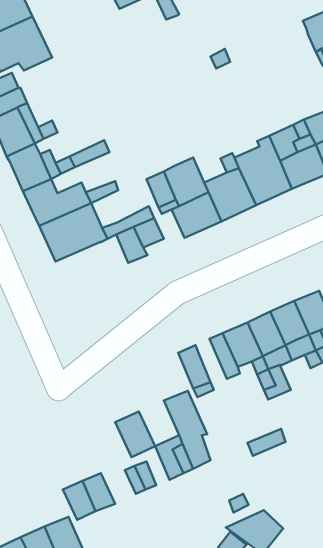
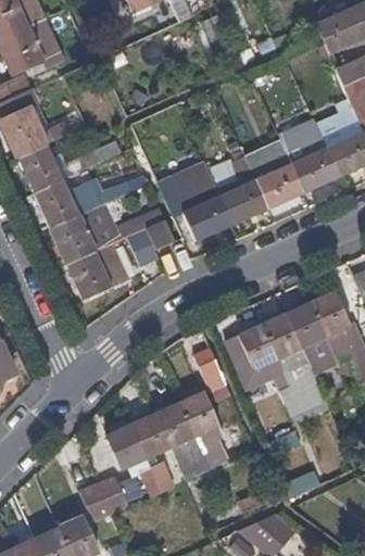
building: none -> [68,244,129,299]
building: none -> [152,403,192,448]
building: none -> [104,425,144,470]

